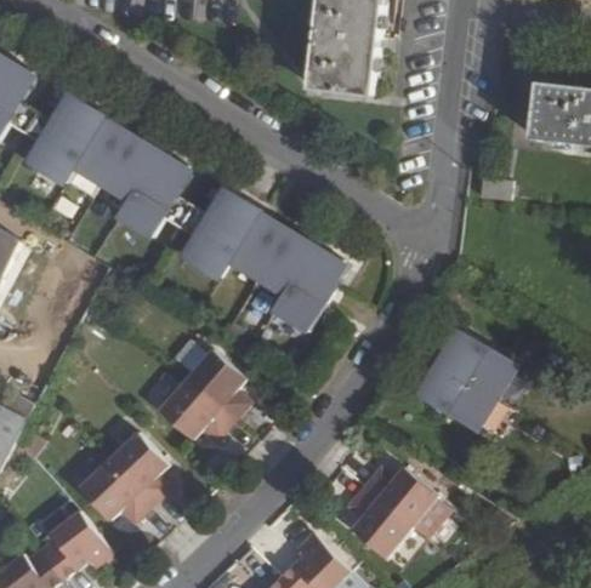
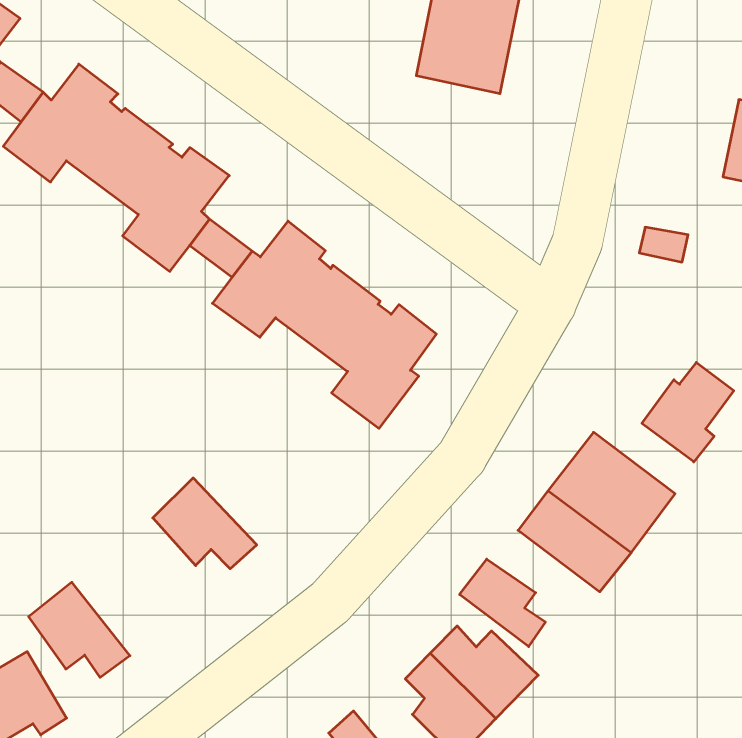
building: none -> [642,362,734,462]
building: [183,349,250,423] -> none
building: none -> [460,559,545,647]
building: [106,432,170,508] -> none

